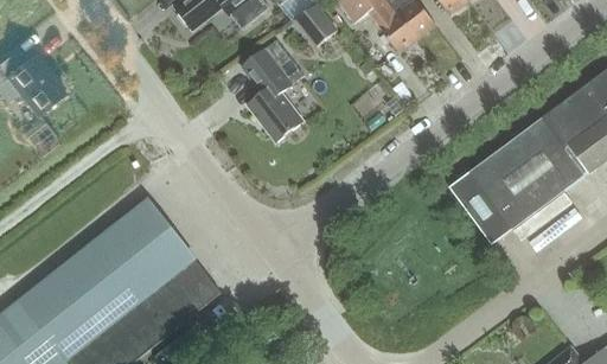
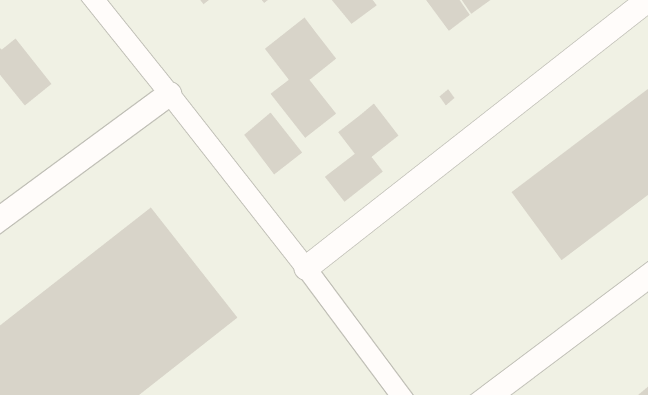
building: none -> [324,103,399,203]
building: none -> [243,111,303,175]

